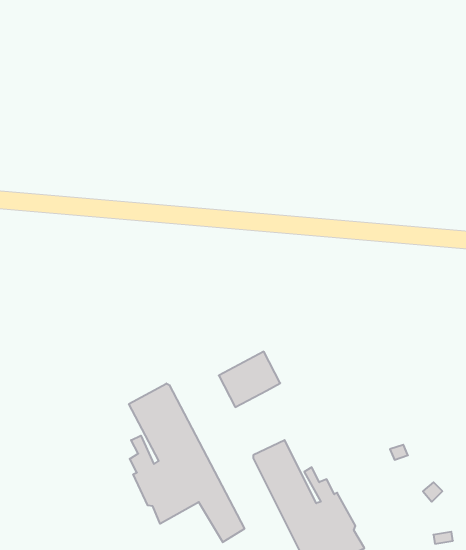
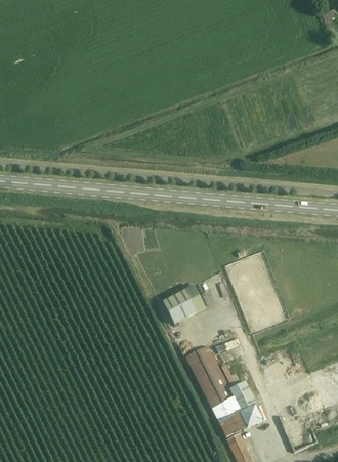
building: [129,383,244,542] -> none

